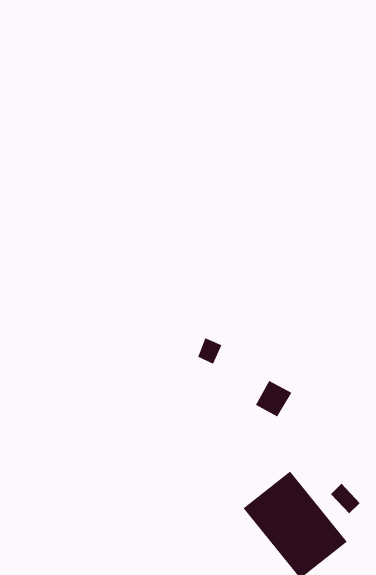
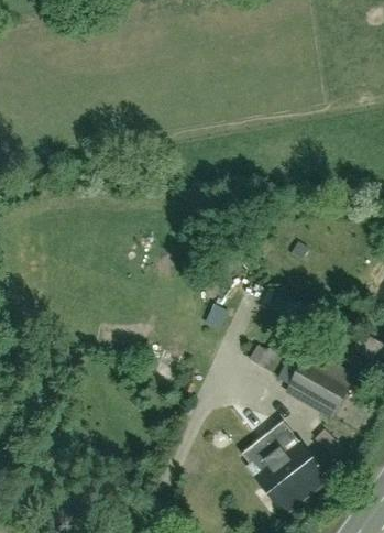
building: none -> [281,348,351,414]

